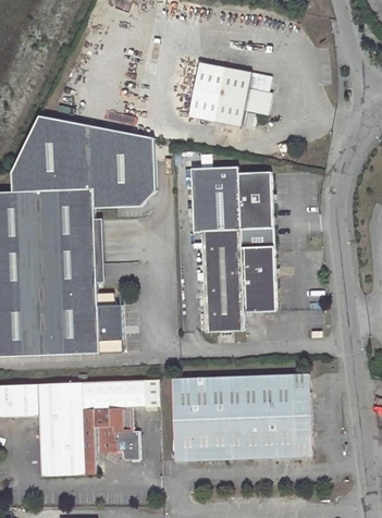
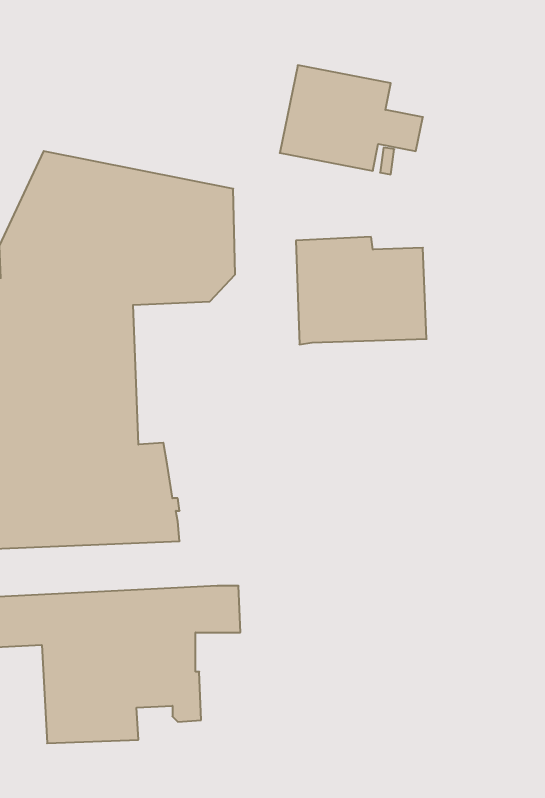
building: [204,227,276,331] -> none
building: [172,372,313,458] -> none

